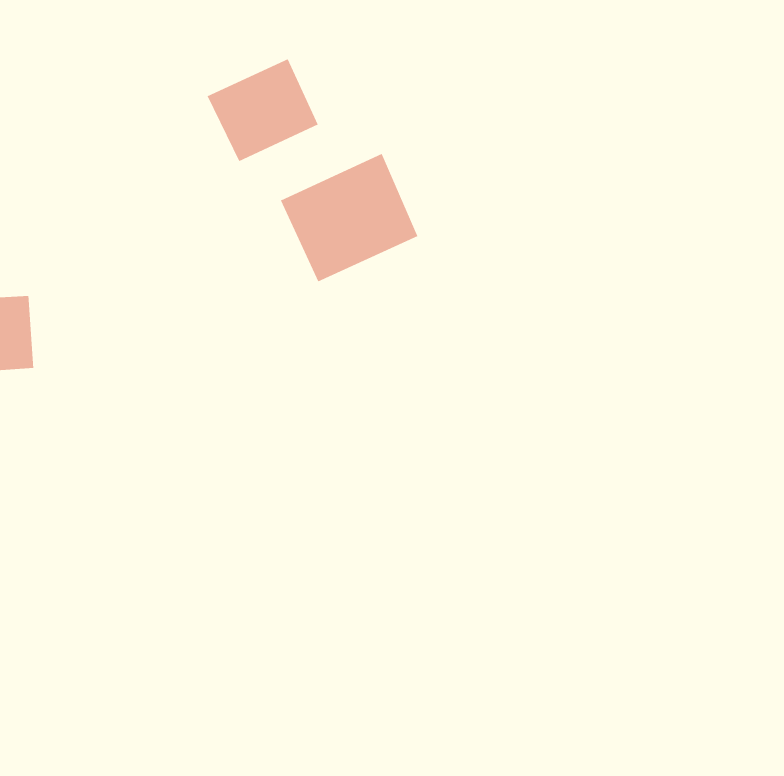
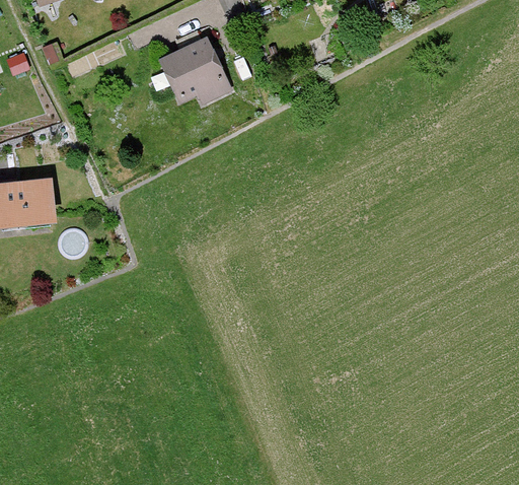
building: [280,153,419,282] -> none

